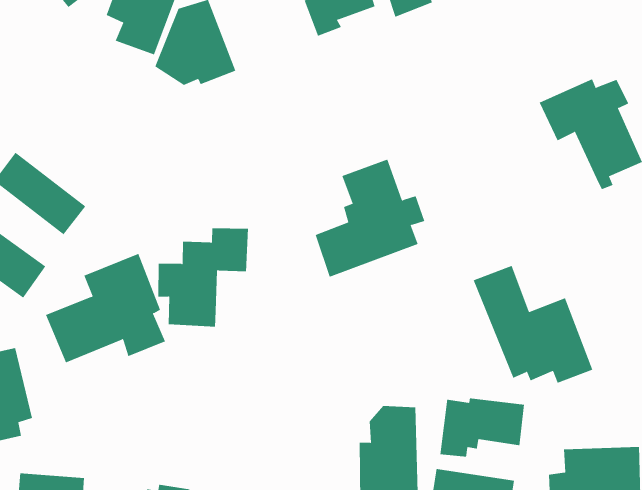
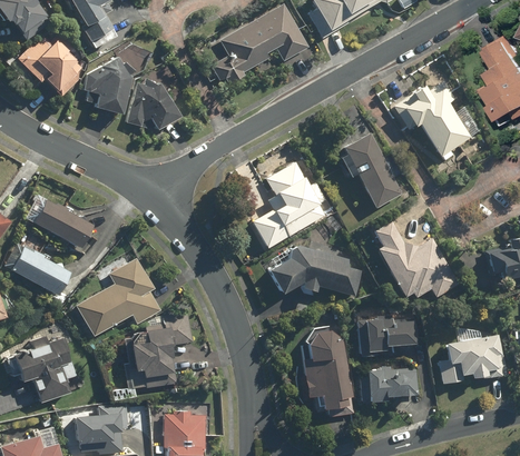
building: none -> [341,132,401,209]
building: [157,228,249,327] -> [130,314,193,388]
building: none -> [267,247,361,296]

